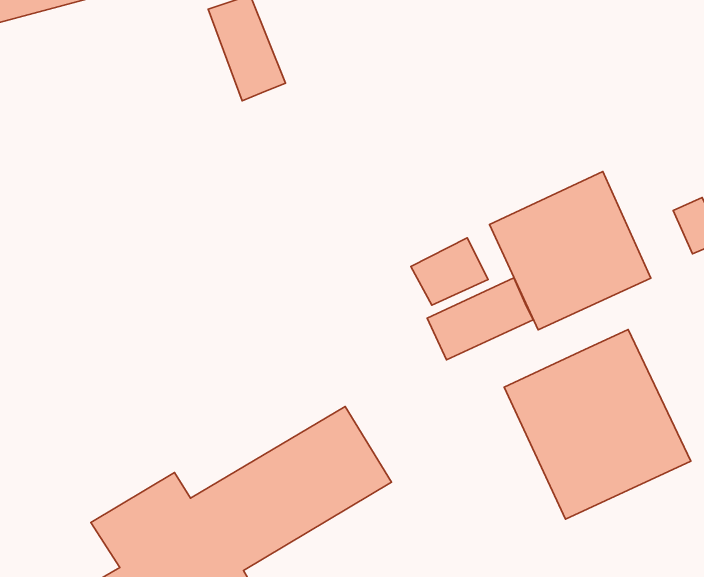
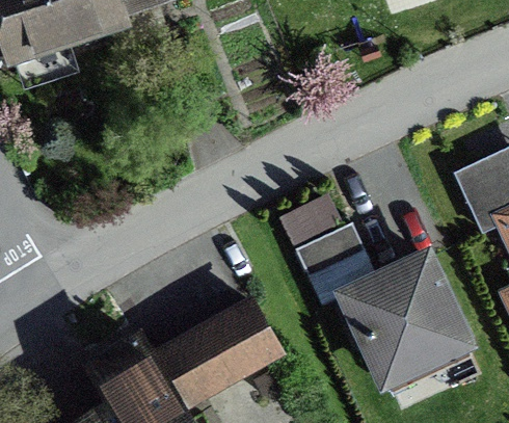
building: [489,172,651,330] -> none

